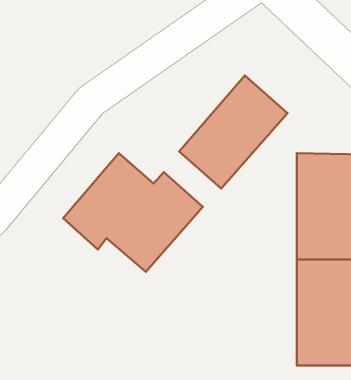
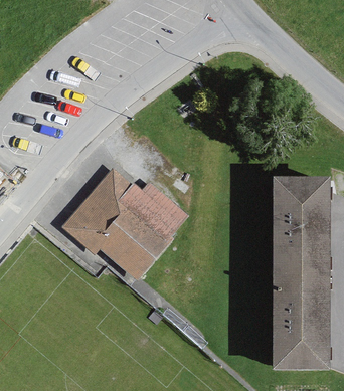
building: [179,76,288,189] -> none

